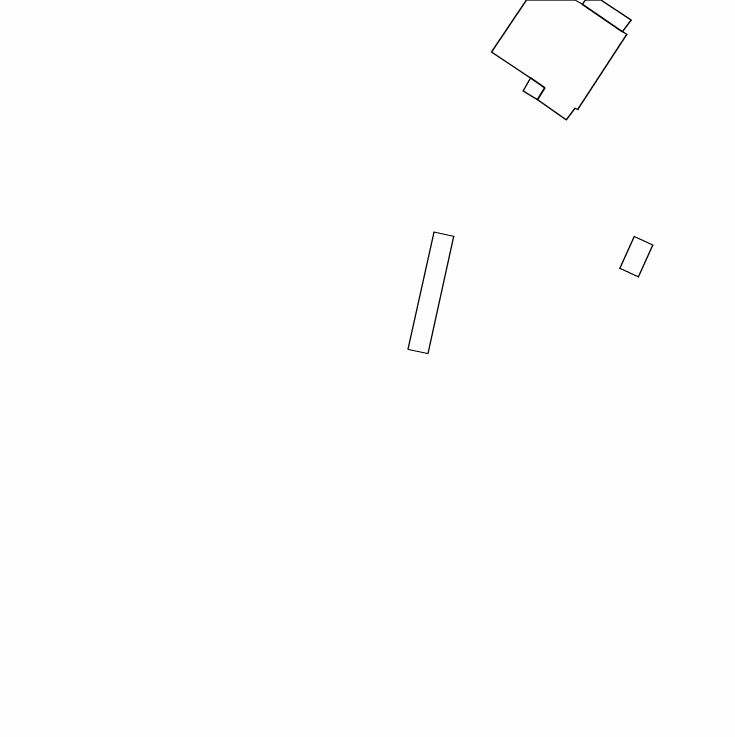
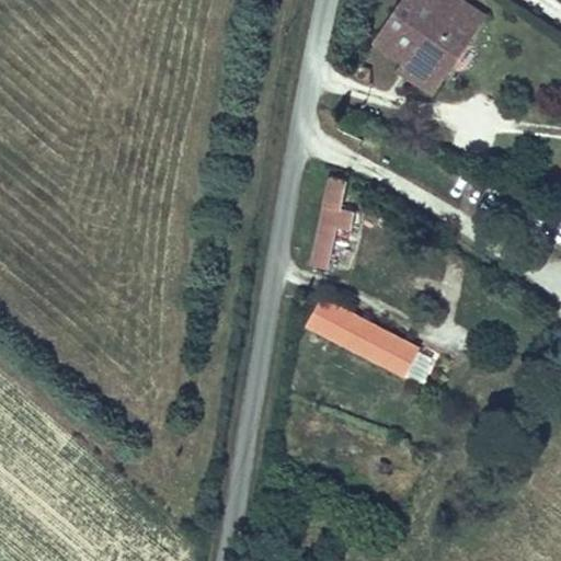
building: none -> [309,301,416,374]

